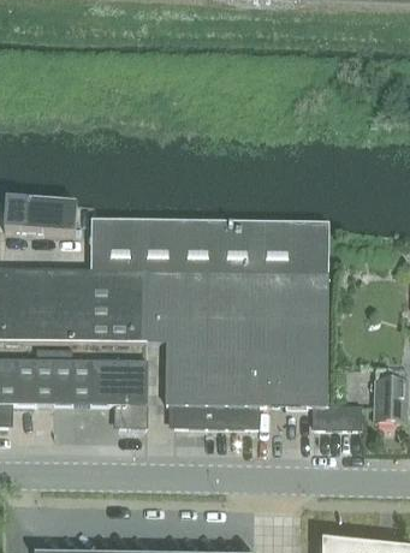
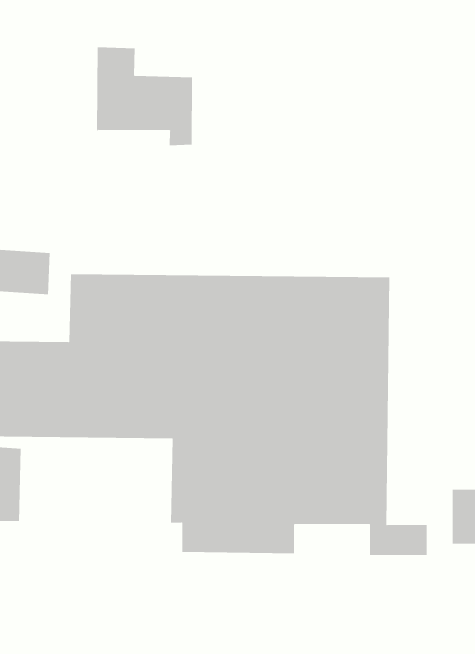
building: none -> [96,47,192,146]
building: [53,349,147,426] -> none

